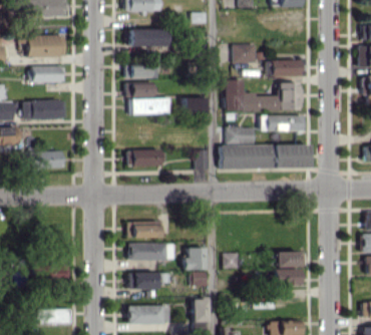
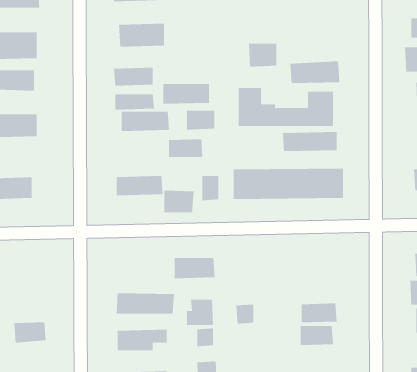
building: none -> [163,83,209,105]
building: [227,126,255,141] -> [168,139,203,158]
building: none -> [164,190,194,213]
building: [127,221,160,238] -> [174,257,215,279]

